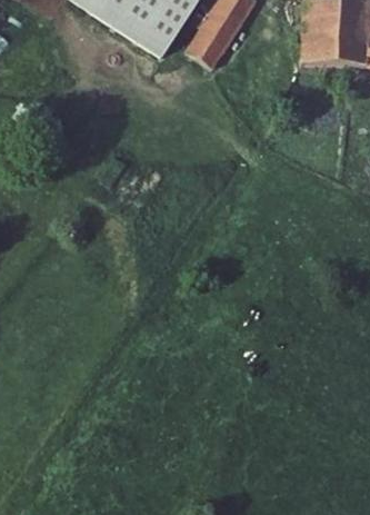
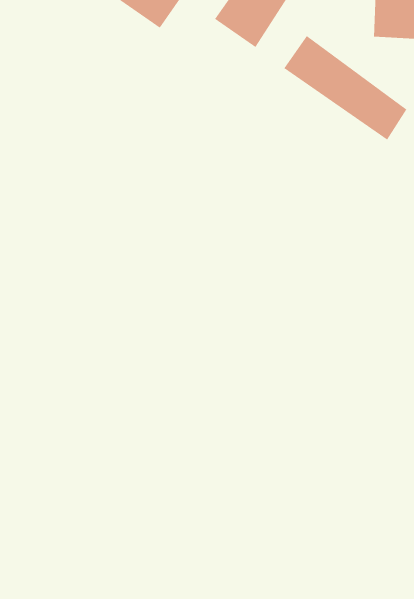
building: none -> [284,35,407,141]

